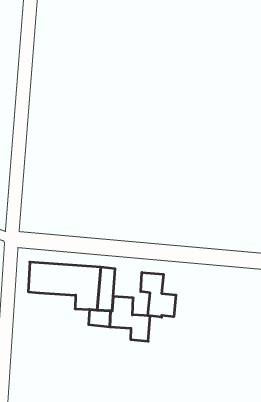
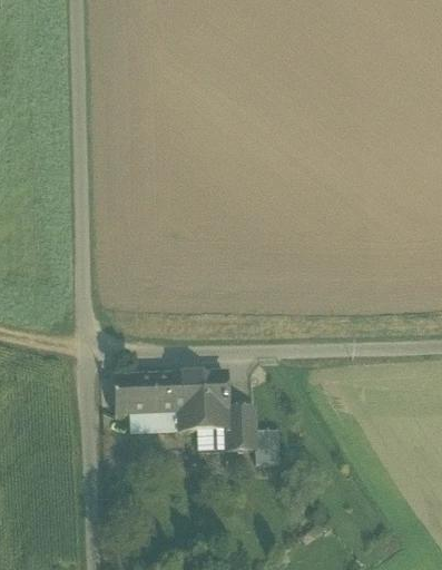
building: [141,272,176,317] -> none
building: none -> [131,412,180,431]

